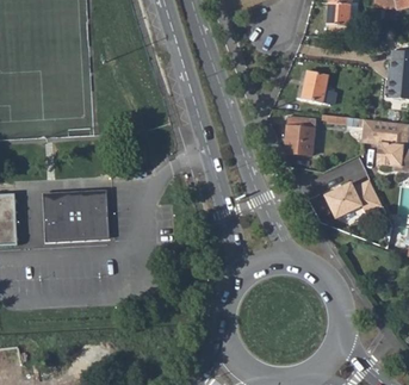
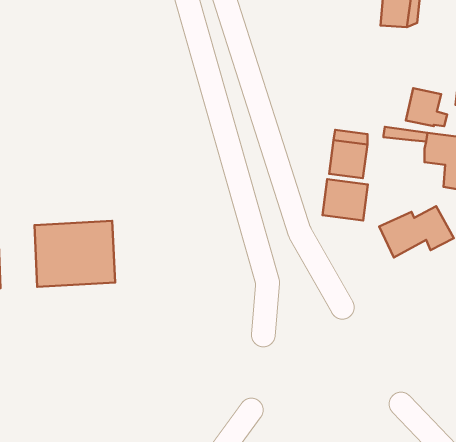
building: [299,72,333,103] -> [406,88,447,126]
building: none -> [323,179,368,221]

